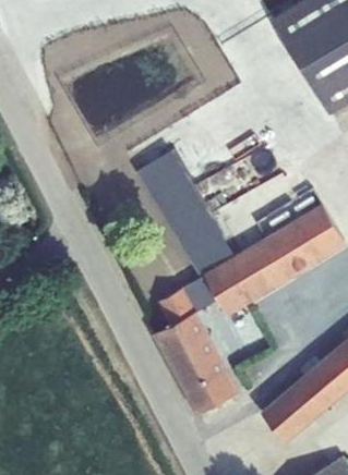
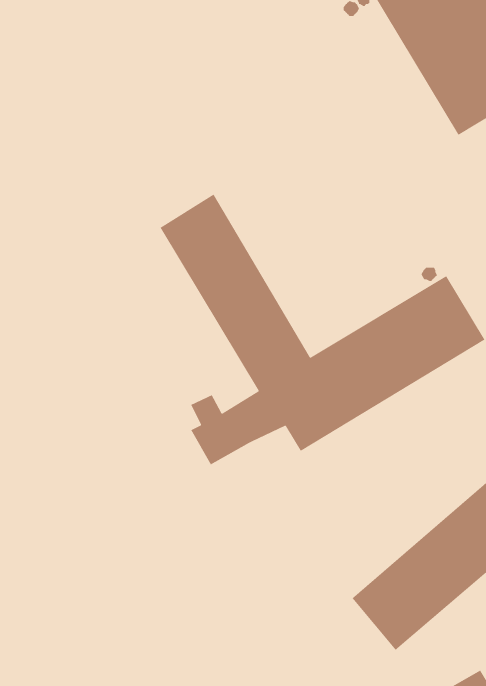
building: [153,309,240,414] -> none

